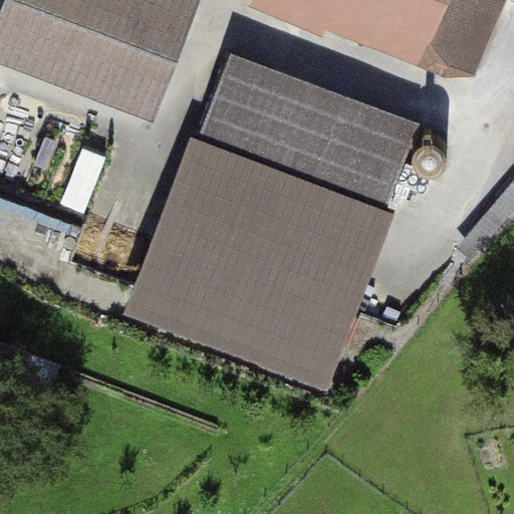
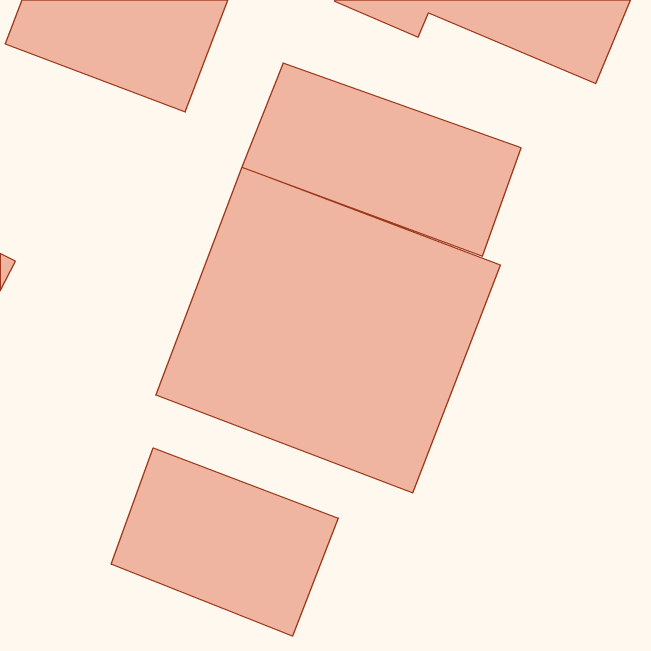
building: none -> [111,448,338,636]

